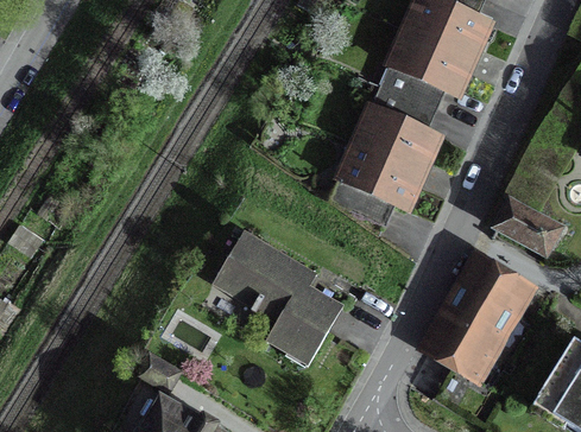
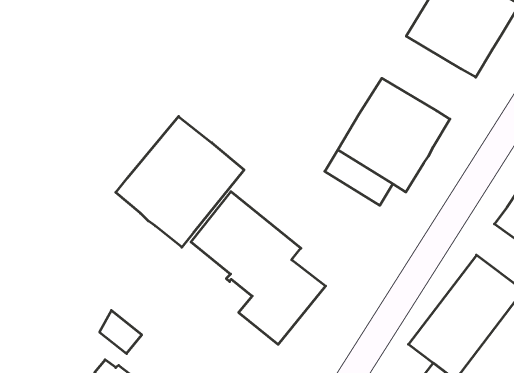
building: [372,65,444,131] -> none
building: none -> [116,116,244,247]

